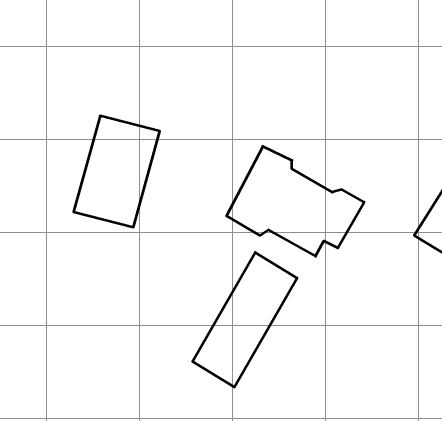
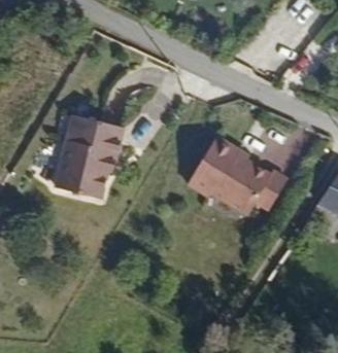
building: [193,252,297,387] -> none

